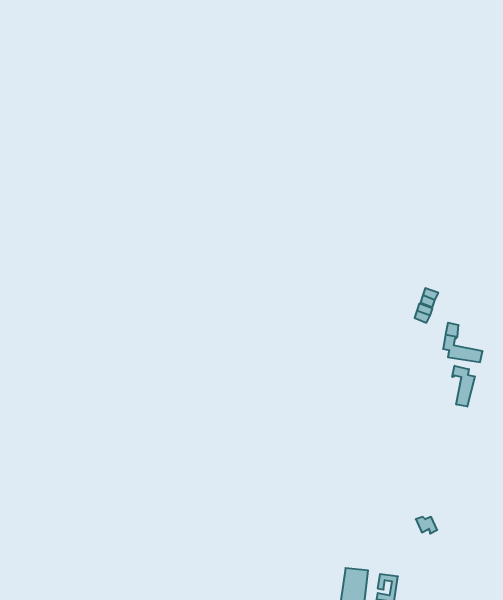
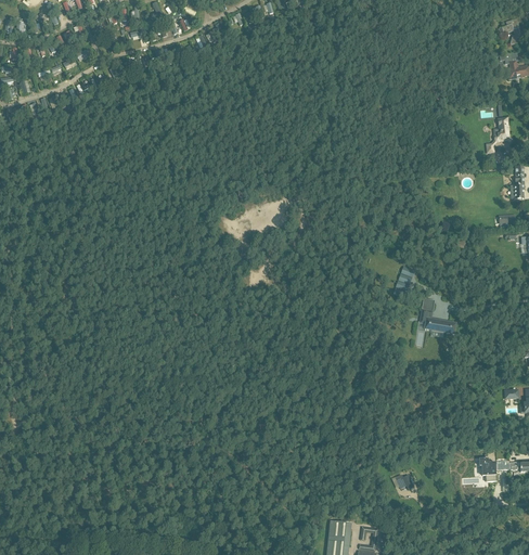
building: [452,366,475,407] -> none

